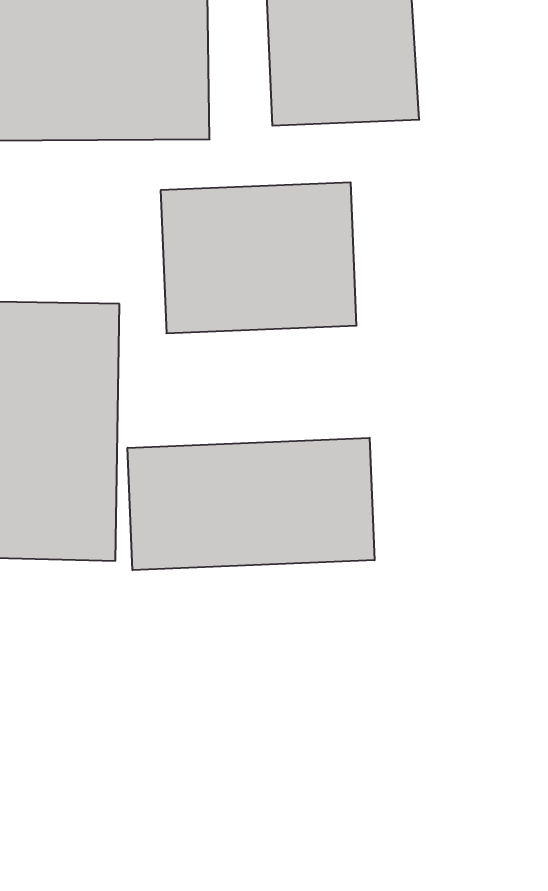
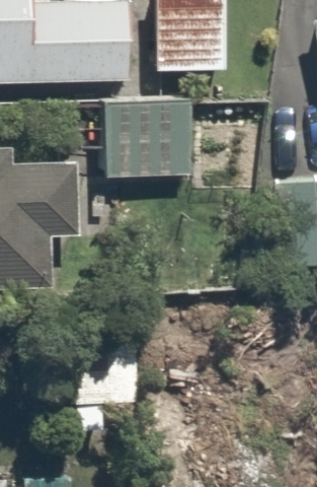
building: [128,438,375,570] -> none

